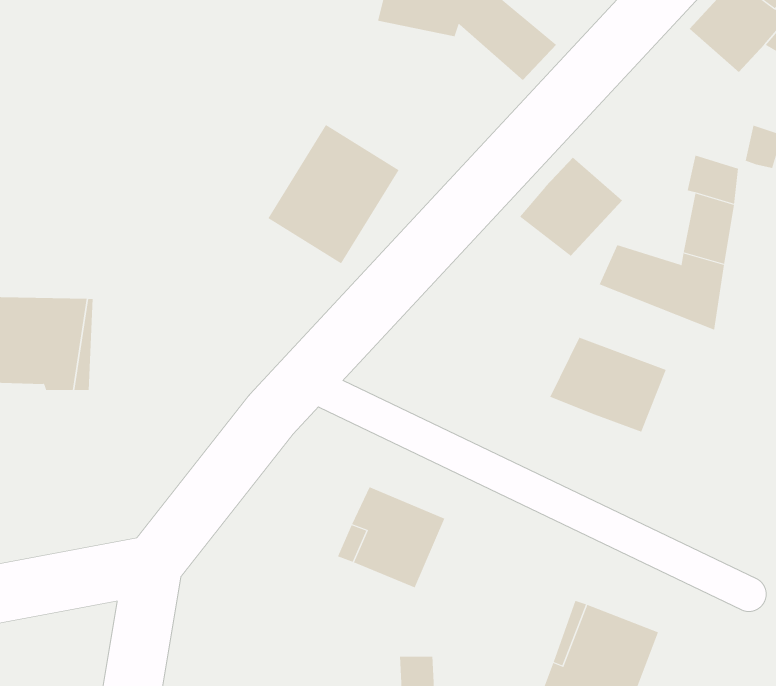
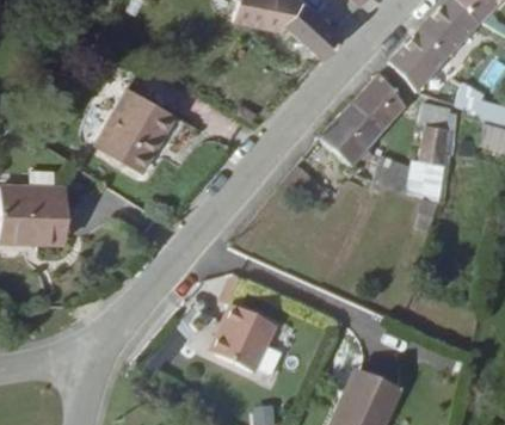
building: none -> [388,29,451,92]
building: none -> [352,75,405,131]
building: [268,124,399,264] -> [97,87,175,171]
building: [549,337,666,432] -> none

